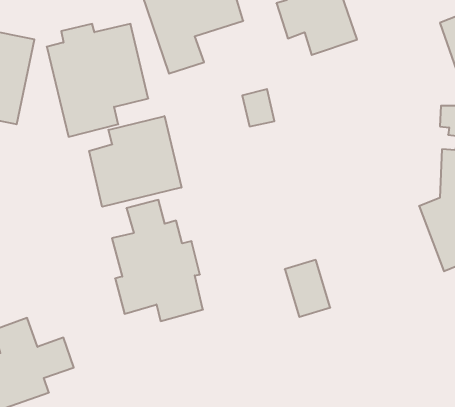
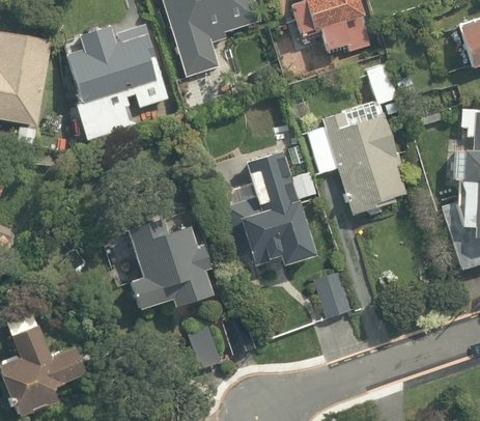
building: none -> [304,58,411,218]
building: [89,116,181,207] -> none
building: none -> [236,155,326,274]

